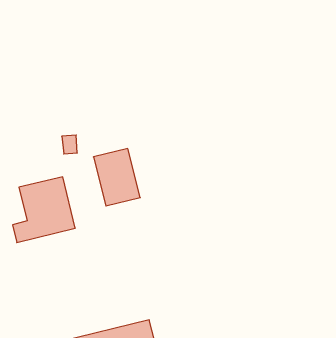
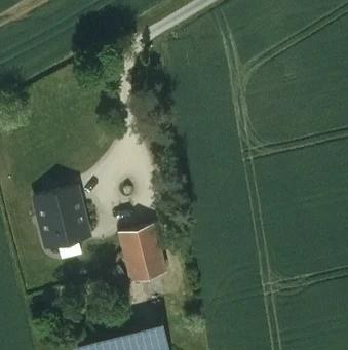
building: [93,149,140,206] -> [120,225,166,281]

